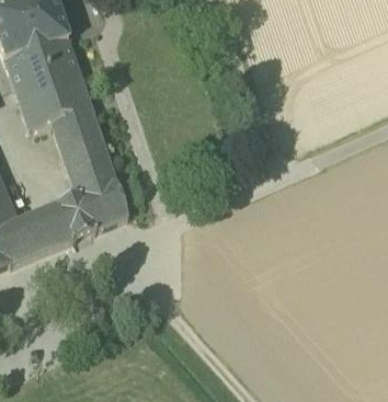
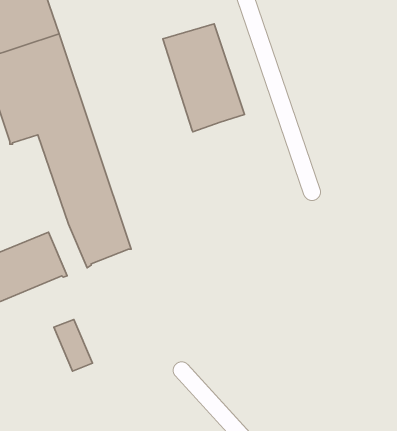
building: none -> [163,24,245,132]
building: [61,197,93,240] -> [54,319,93,371]

